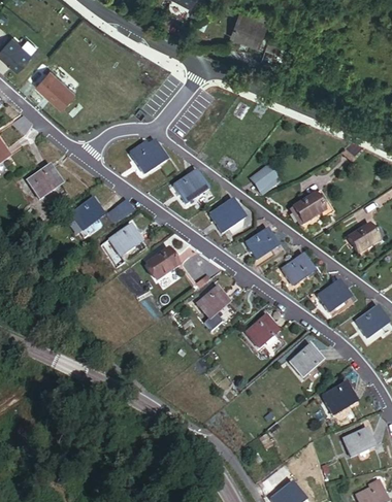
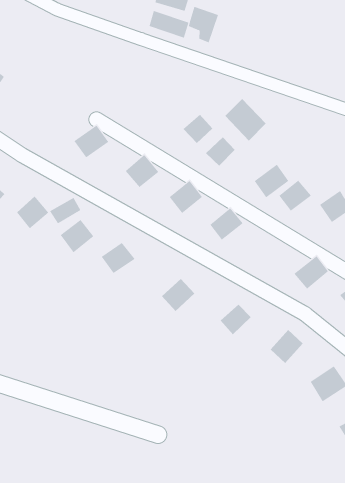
building: none -> [149,10,189,38]
building: none -> [224,98,267,141]
building: none -> [182,114,213,144]
building: [283,255,313,282] -> [279,180,312,212]

